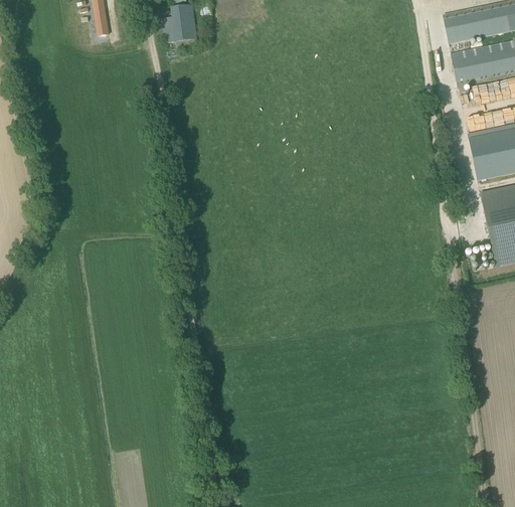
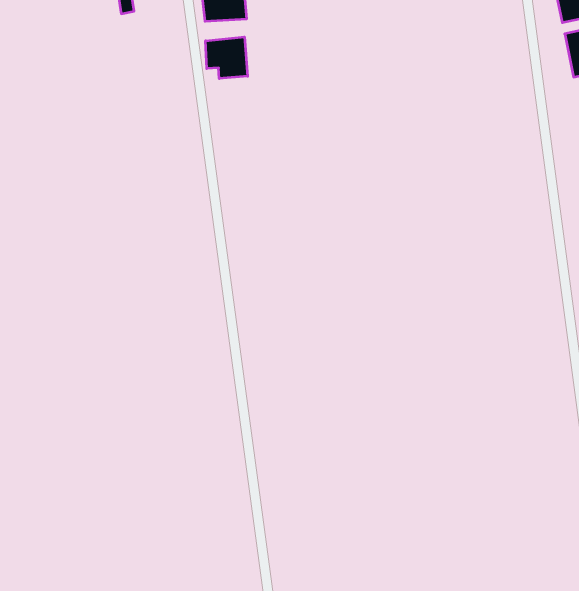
building: none -> [206,37,248,79]

